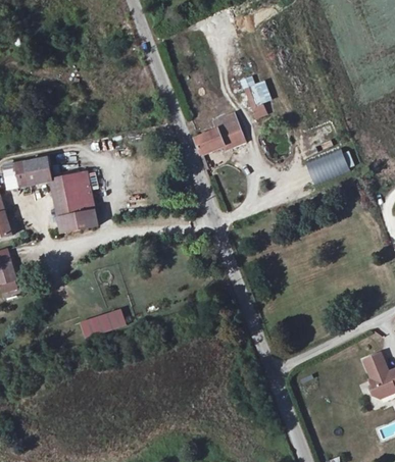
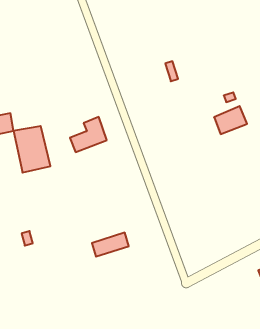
building: [193,110,240,155] -> [70,117,107,152]
building: [79,307,126,338] -> [92,233,129,257]

